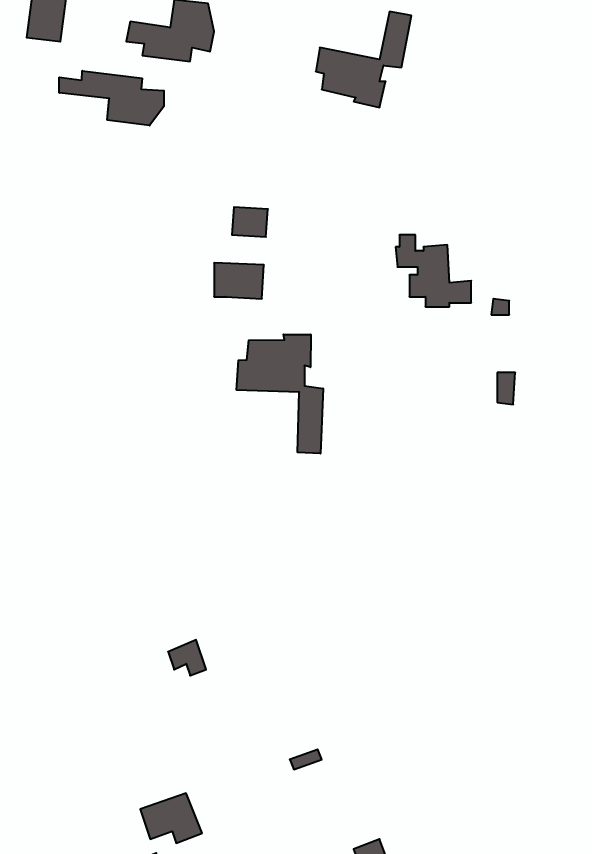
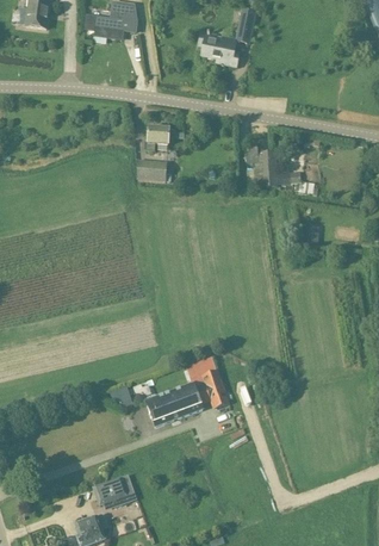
building: [59,71,164,126] -> none
building: [237,334,323,454] -> none
building: none -> [145,358,230,426]

